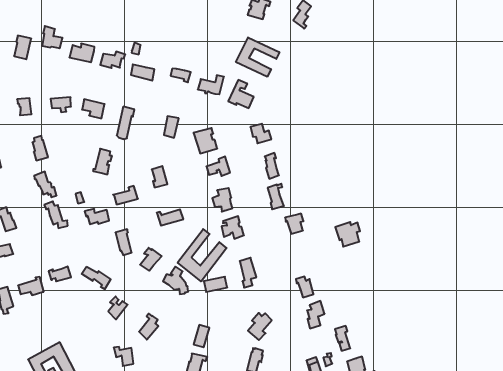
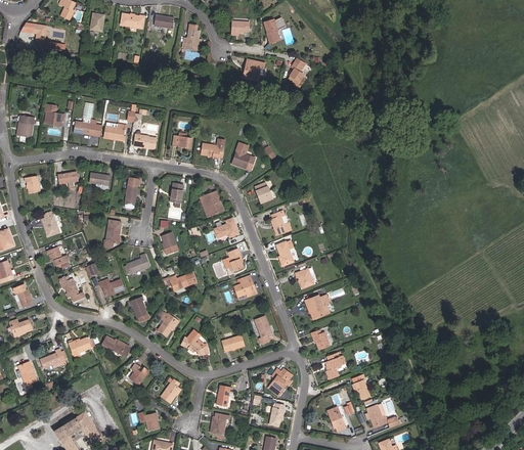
building: [236,37,279,77] -> none
building: [335,222,360,247] -> [305,295,330,319]
building: [178,229,227,281] -> none

